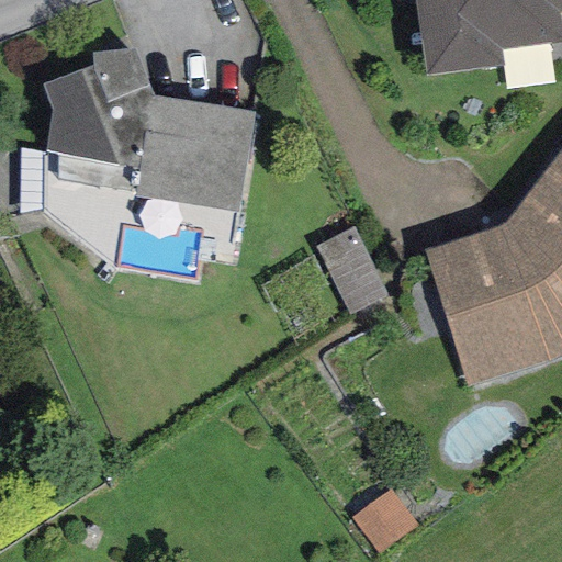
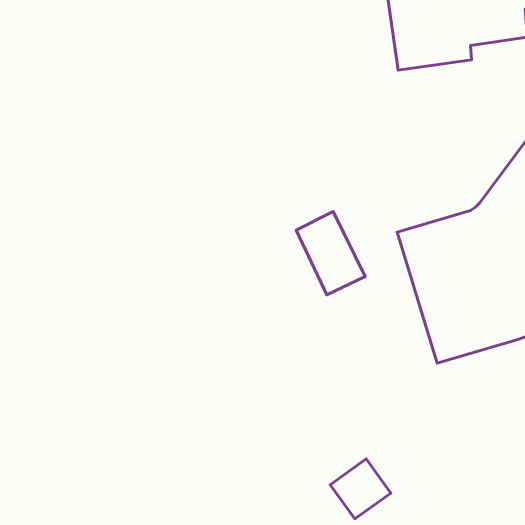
building: [44,47,254,211] -> none

